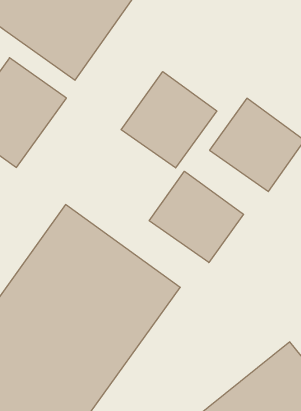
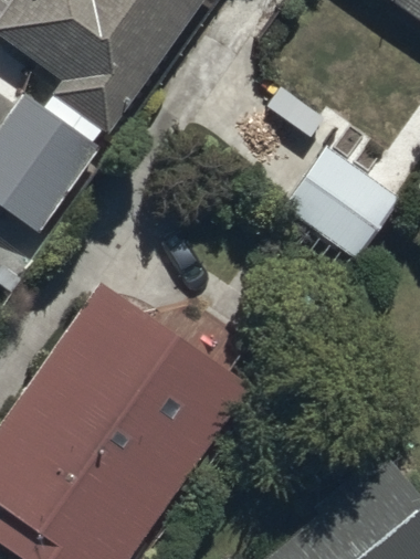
building: [121,72,217,168] -> none
building: [149,171,244,263] -> none

